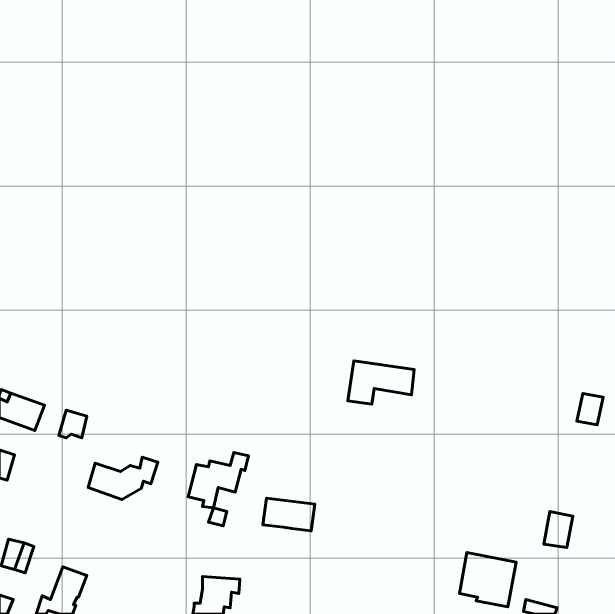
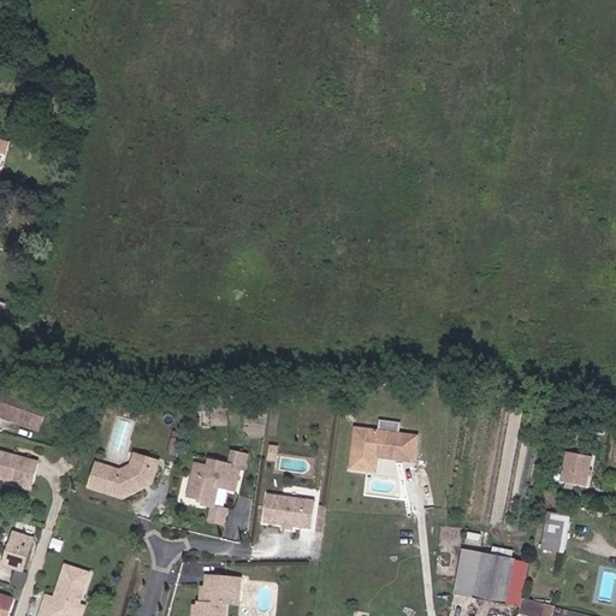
building: [348,361,414,404] -> [349,428,415,472]
building: [577,394,603,425] -> [561,451,587,482]
building: [59,410,87,438] -> [7,454,35,481]

